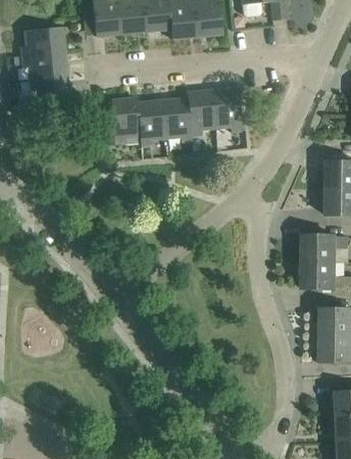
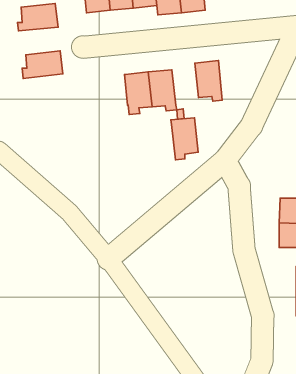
building: [20,51,65,81] -> none
building: [185,90,214,135] -> [171,118,198,160]
building: [109,97,138,142] -> none

